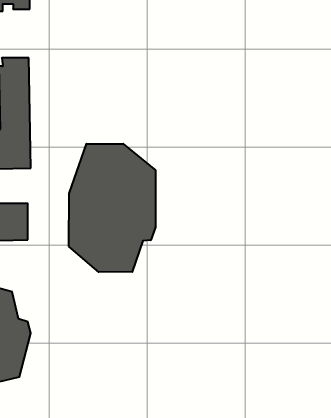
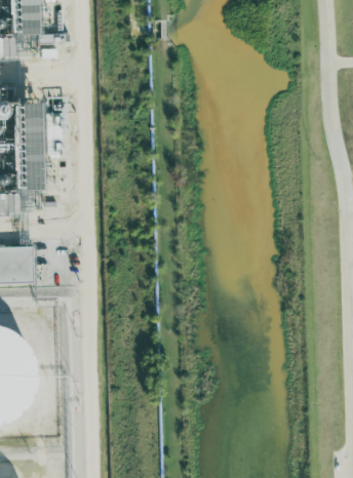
building: [69,144,156,272] -> none

